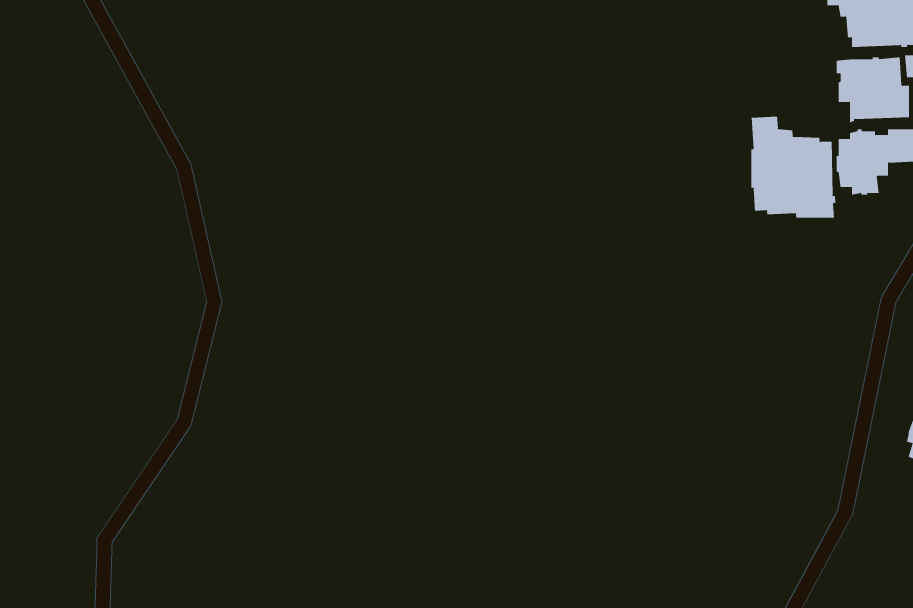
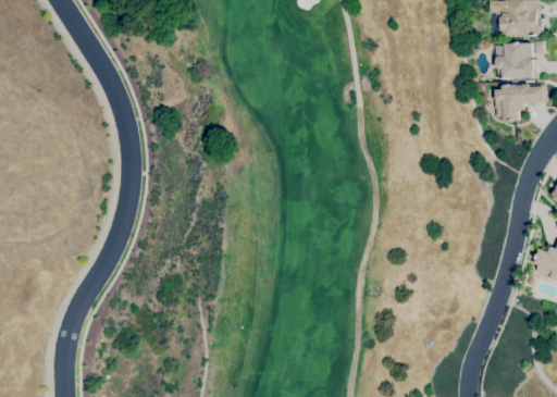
building: [751,116,836,218] -> none

